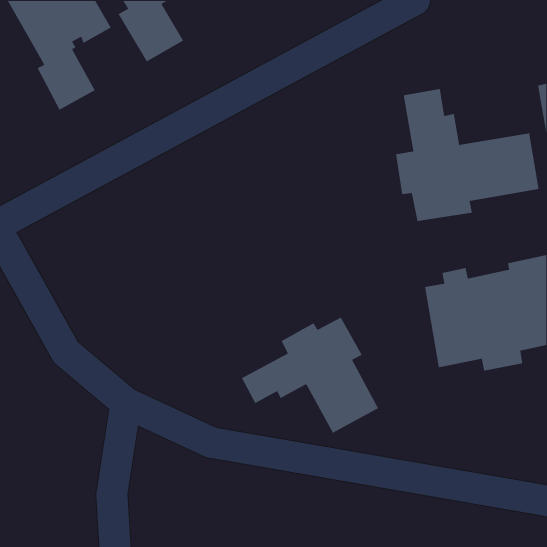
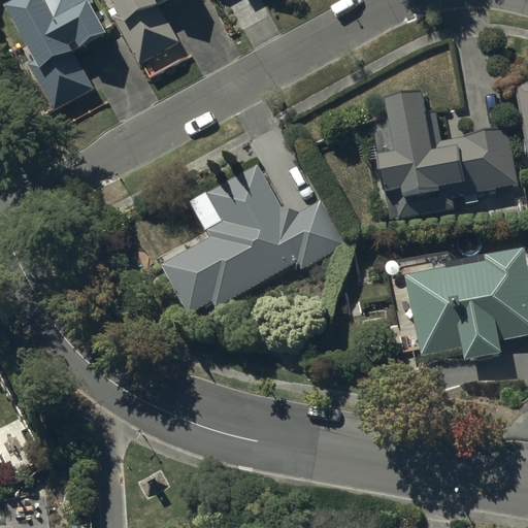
building: none -> [160,165,343,316]
building: [241,317,379,434] -> none

